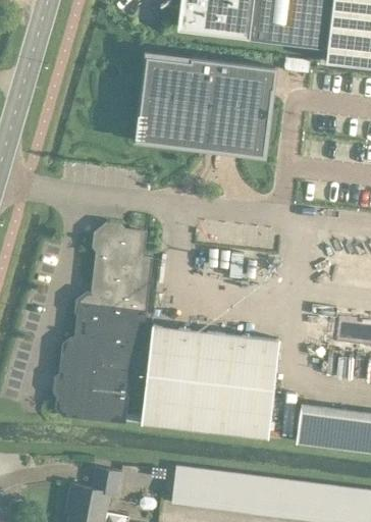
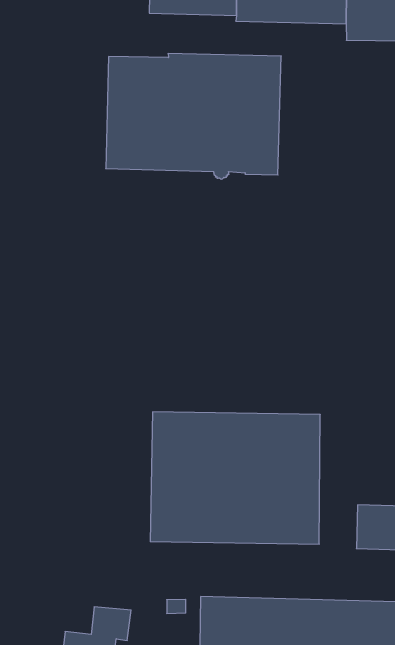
building: [56,228,149,421] -> none

